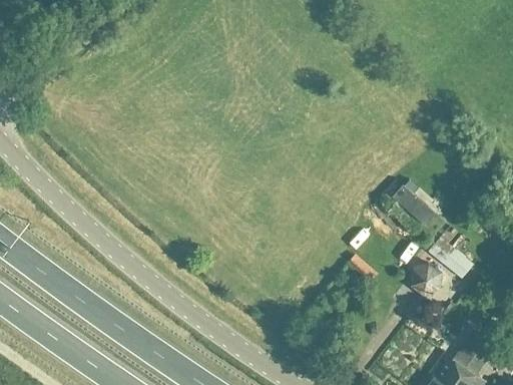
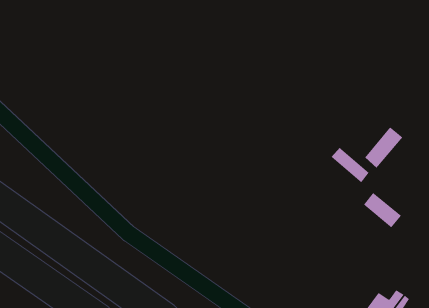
building: none -> [364,127,403,168]
building: [413,261,444,294] -> none

